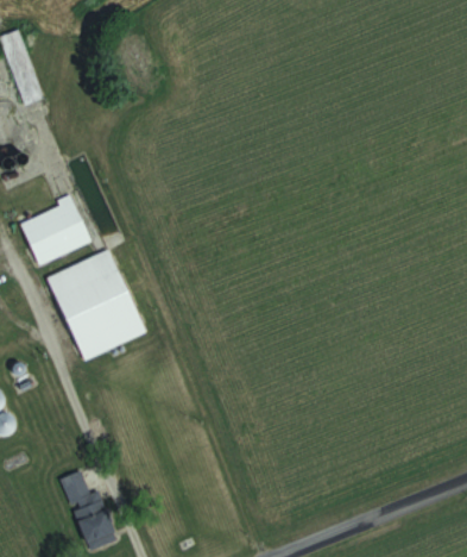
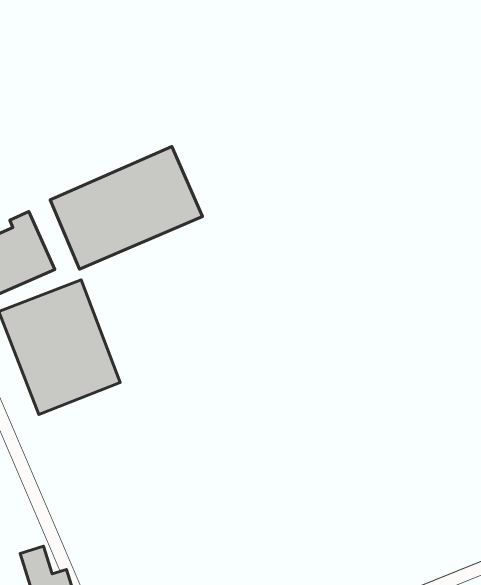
building: none -> [50,146,202,269]

